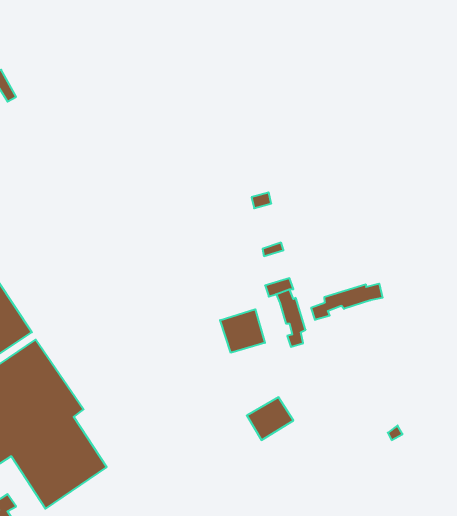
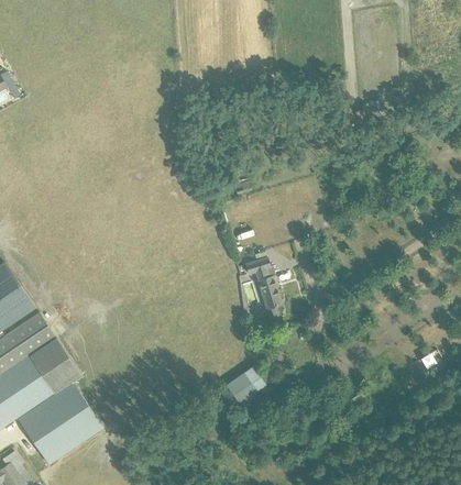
building: [311,284,383,320] -> none
building: [220,309,265,353] -> none

